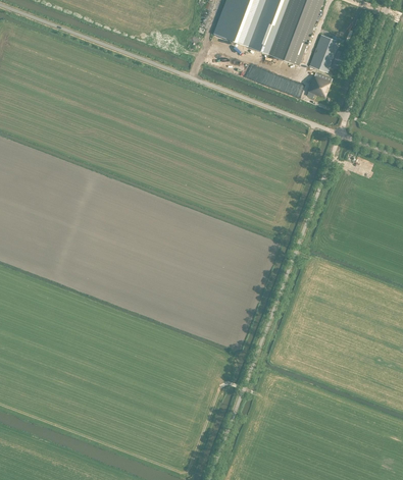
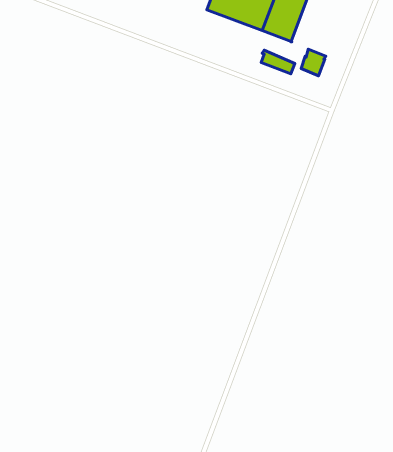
building: [309,35,339,73] -> none

